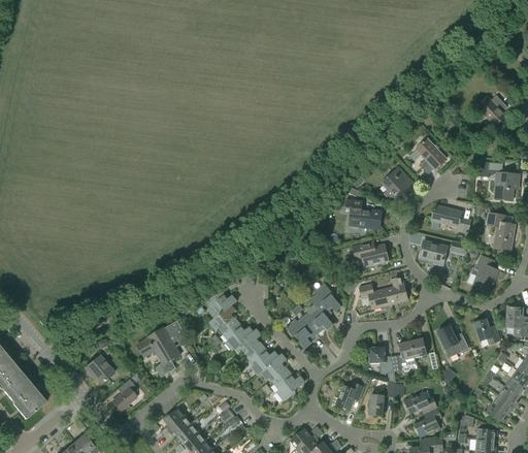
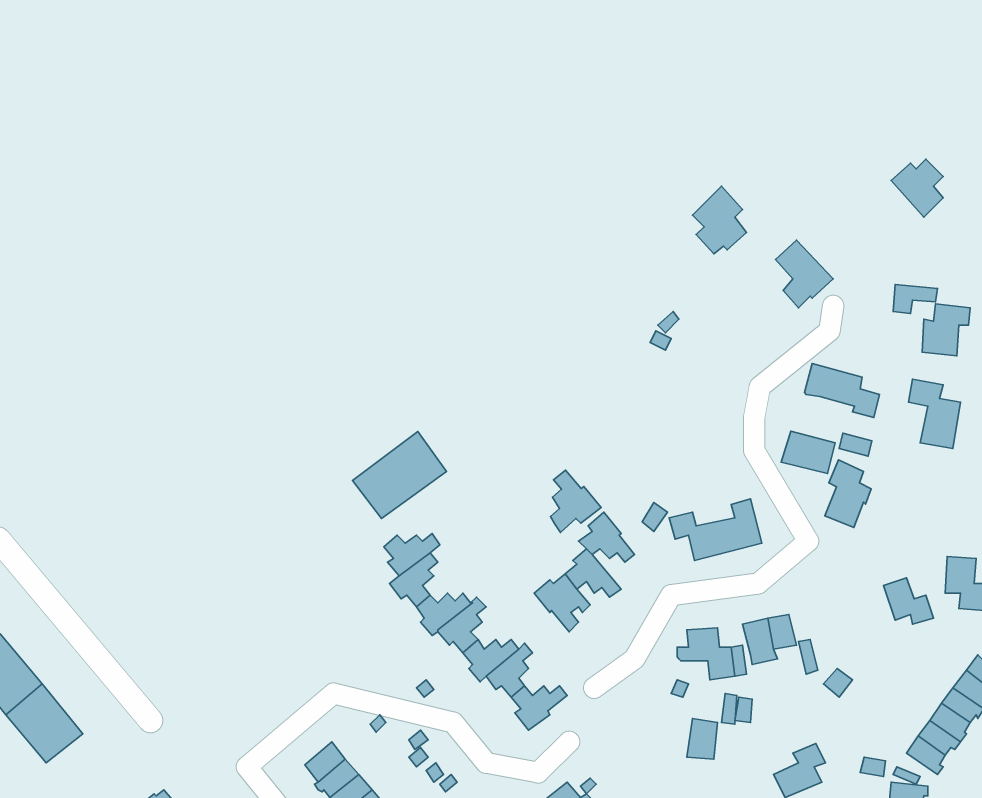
building: [383,167,411,203] -> [692,186,746,254]
building: [348,199,382,229] -> none
building: none -> [352,431,446,518]
building: [352,242,389,267] -> none
building: [473,255,498,291] -> [825,460,871,527]
building: none -> [550,470,601,532]
building: [138,321,188,377] -> none
building: [437,325,468,357] -> none
building: [85,355,113,384] -> none
building: [112,379,137,411] -> none
building: [335,382,365,410] -> none
building: [404,392,437,413] -> none

